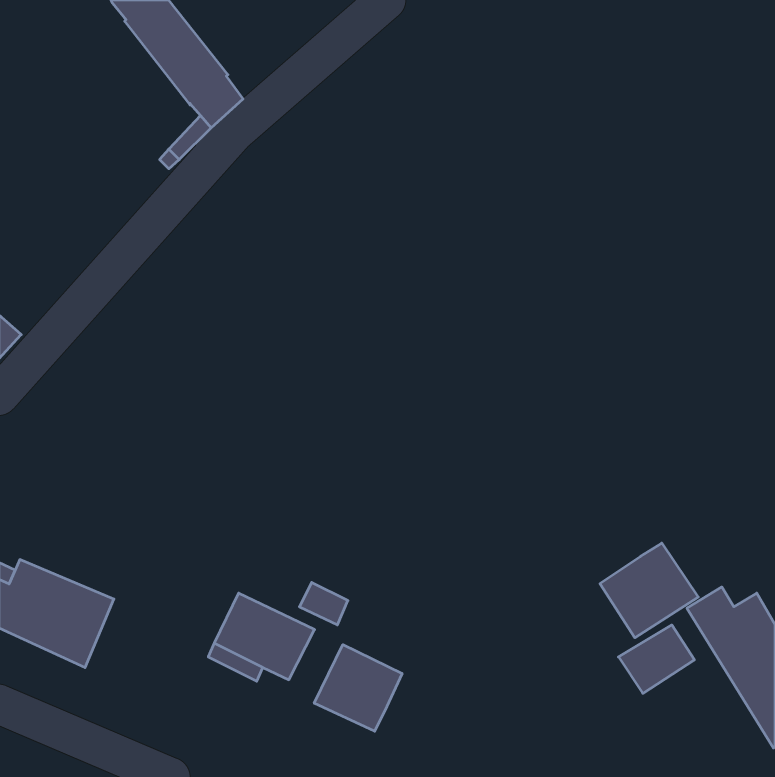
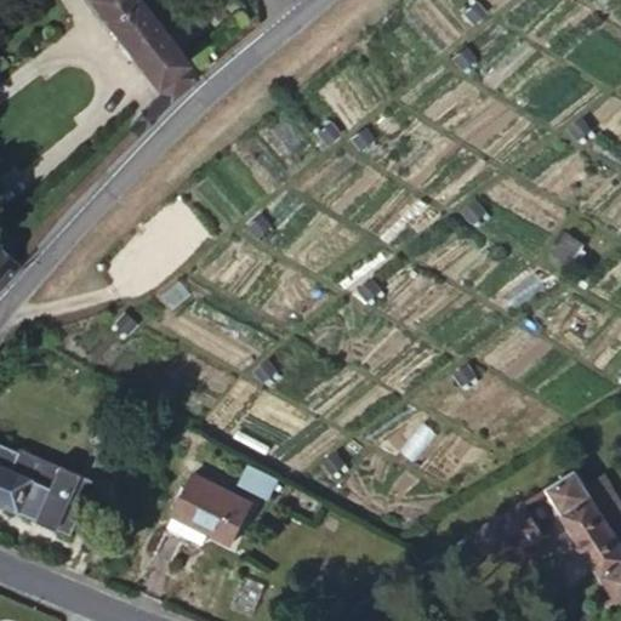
building: [600,543,698,638] -> none
building: [314,645,402,731] -> none

